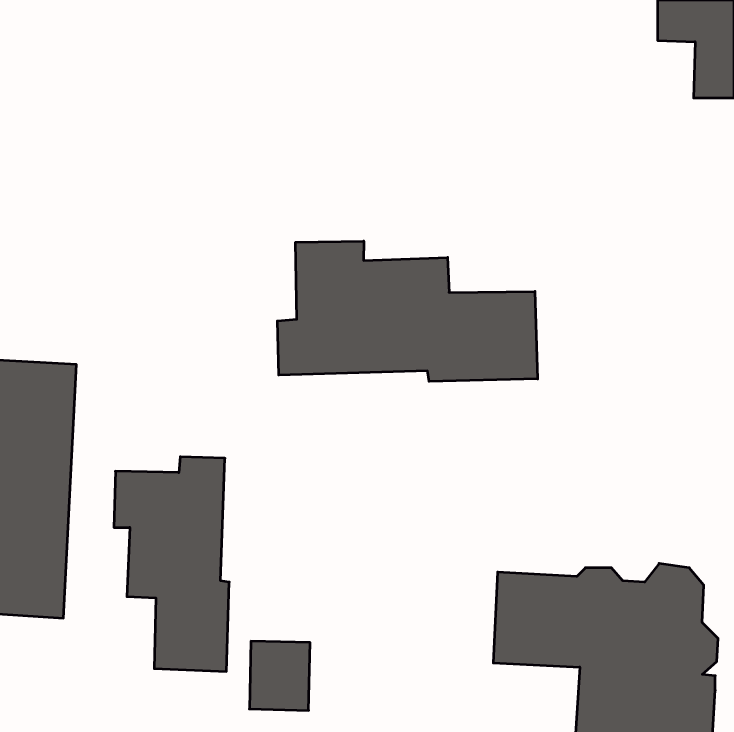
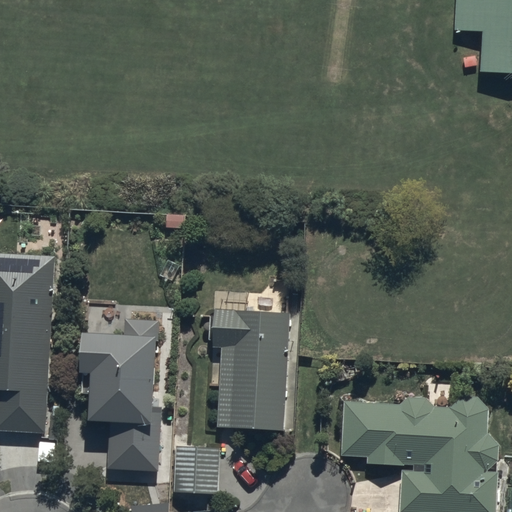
building: [277,241,538,381] -> none
building: none -> [213,311,287,431]

